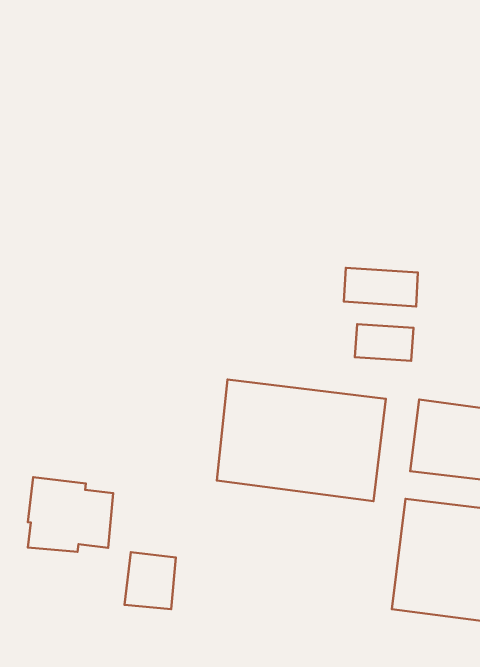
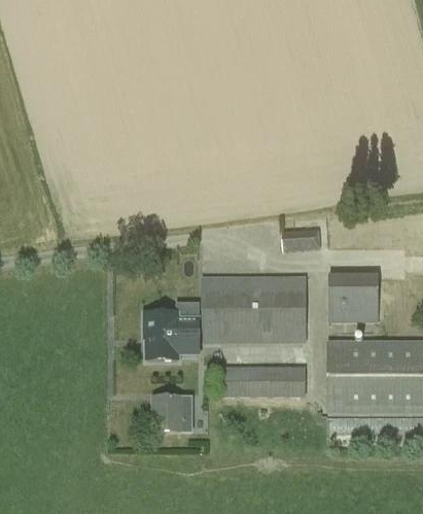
building: [344,268,418,306] -> none
building: [28,477,113,552] -> [144,313,199,359]
building: none -> [221,366,306,397]

